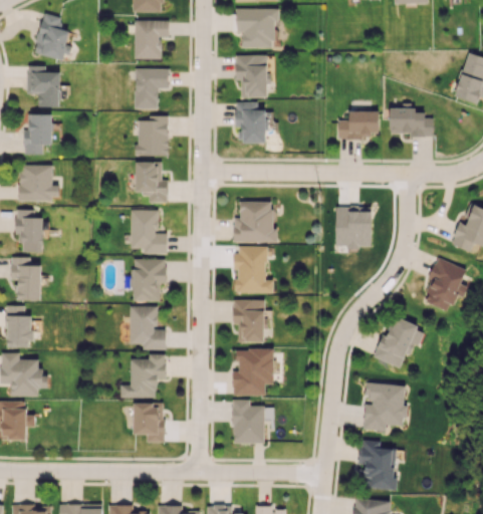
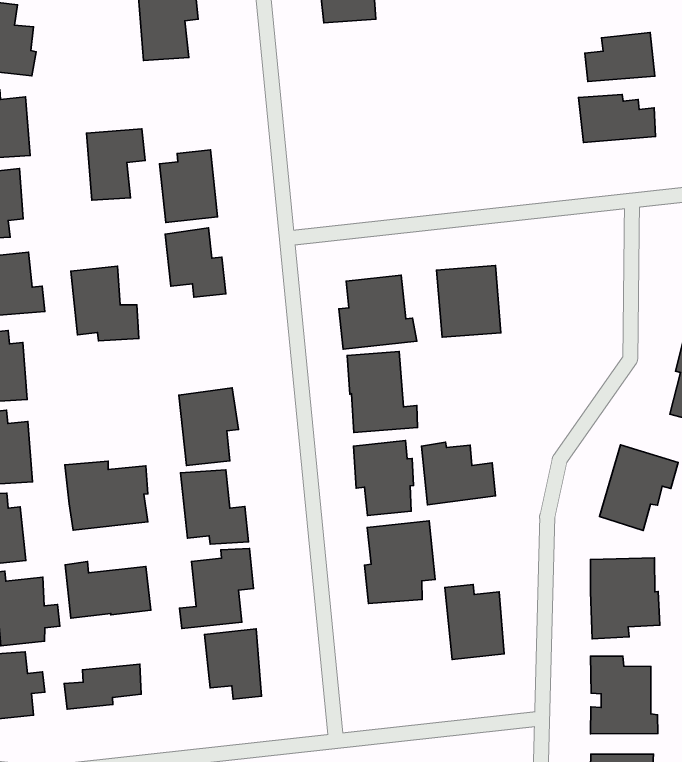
building: [235,54,268,97] -> none
building: [135,68,169,109] -> [86,129,145,200]
building: [235,102,267,143] -> none
building: [338,111,379,138] -> [585,33,655,81]
building: [335,207,372,248] -> [437,266,501,337]
building: [131,210,168,254] -> [71,266,139,341]
building: none -> [65,461,148,530]
building: none -> [421,442,496,505]
building: none -> [65,561,151,618]
building: [233,400,265,443] -> [445,584,504,659]
building: none -> [64,664,141,709]

